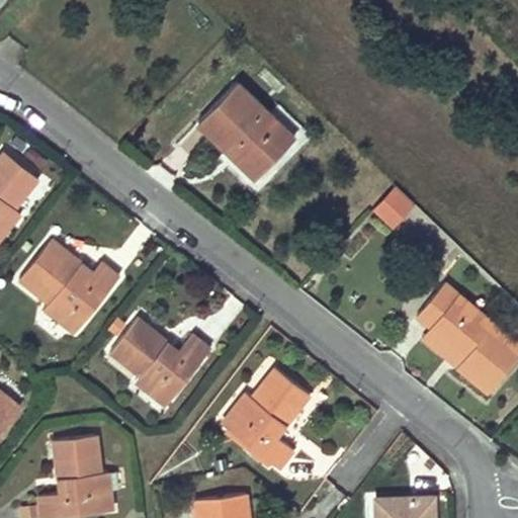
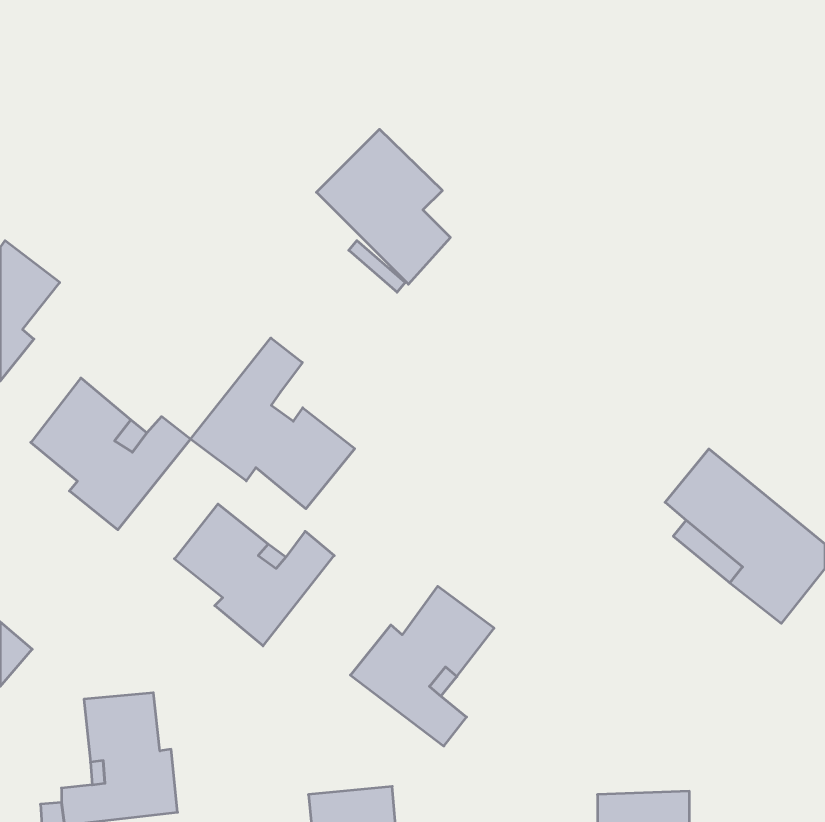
building: [371,185,417,230] -> none
building: none -> [191,338,355,509]

